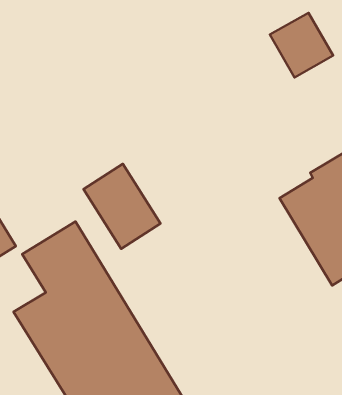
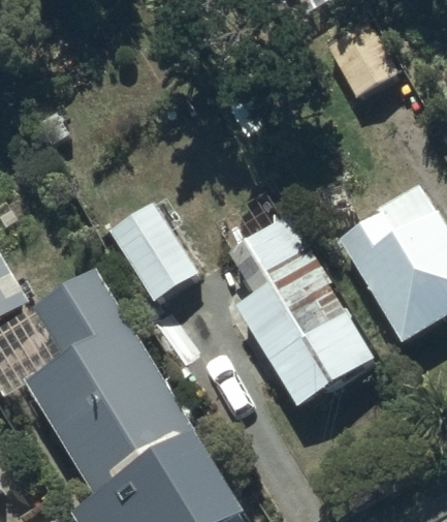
building: none -> [226,223,372,408]

